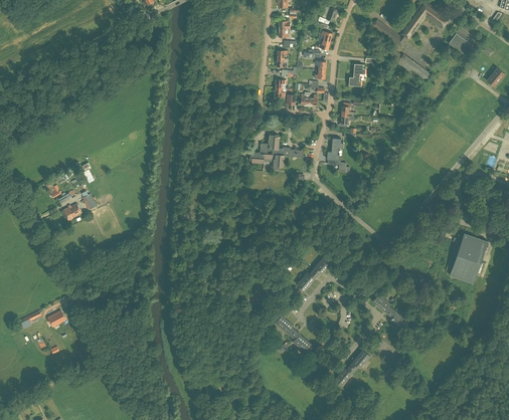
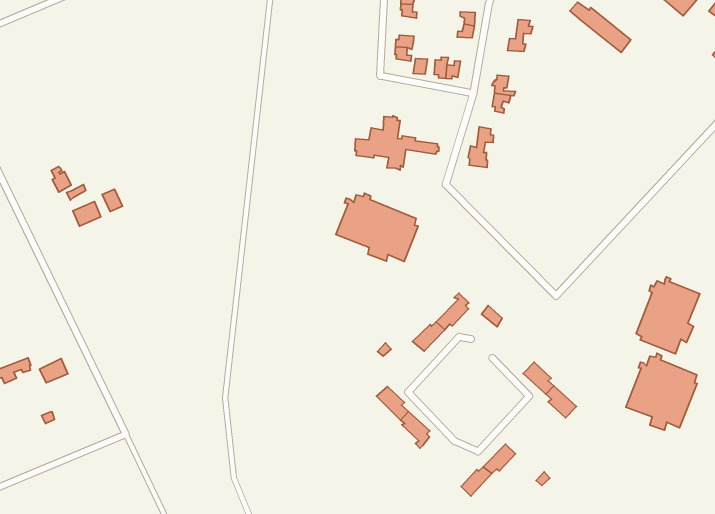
building: none -> [336,193,418,262]
building: none -> [626,353,697,430]

